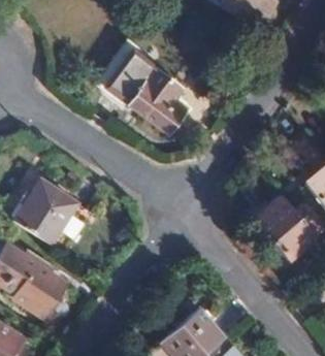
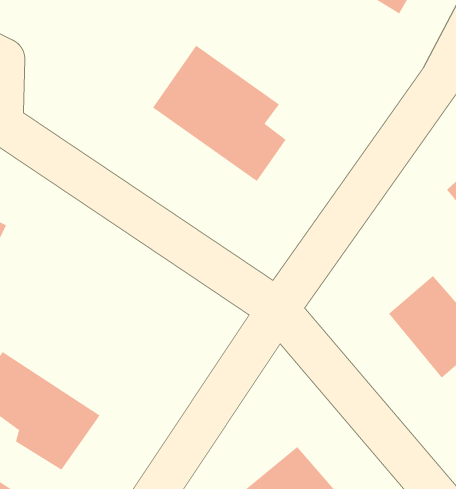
building: [15,180,91,254] -> none

